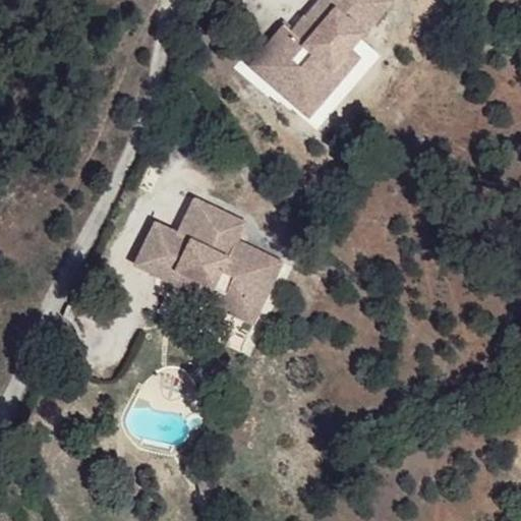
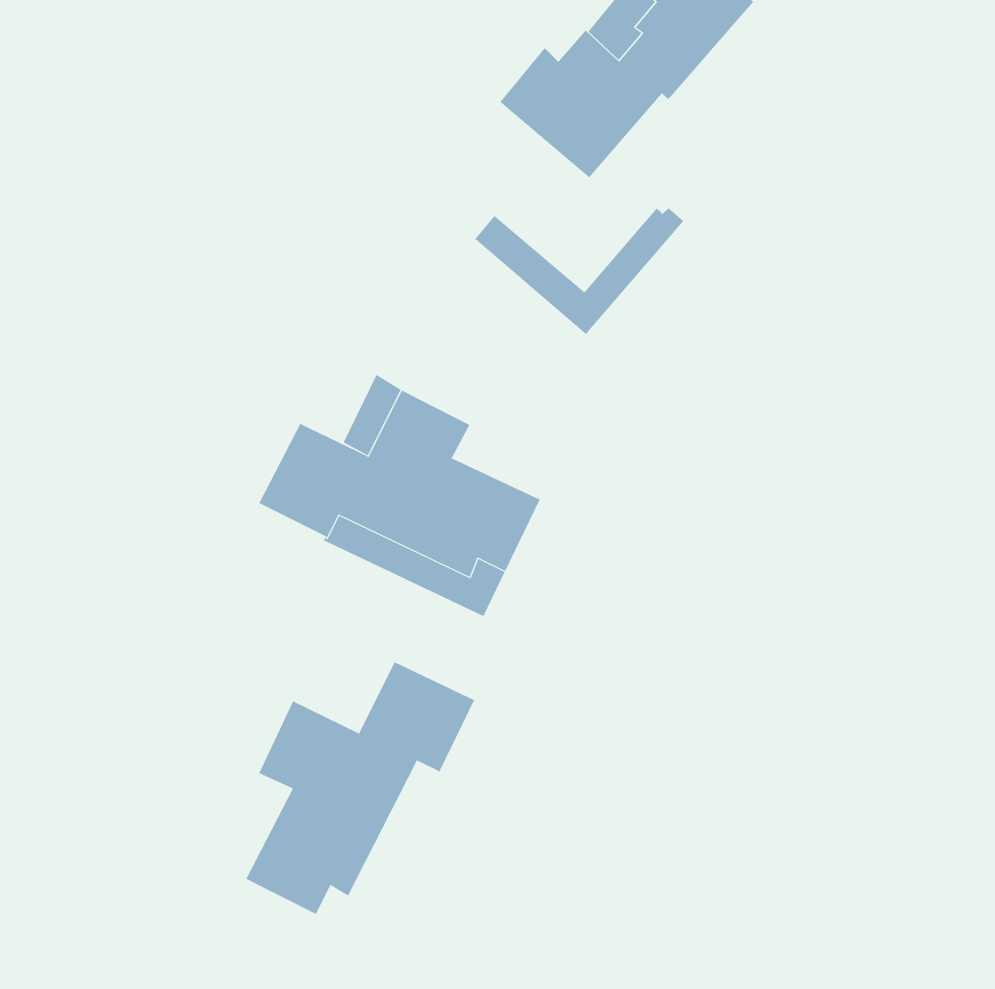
building: [249,49,358,115] -> [474,207,684,335]
building: none -> [245,662,475,915]

